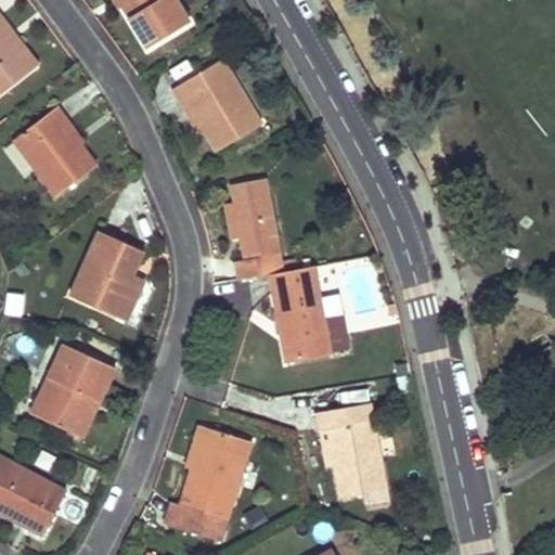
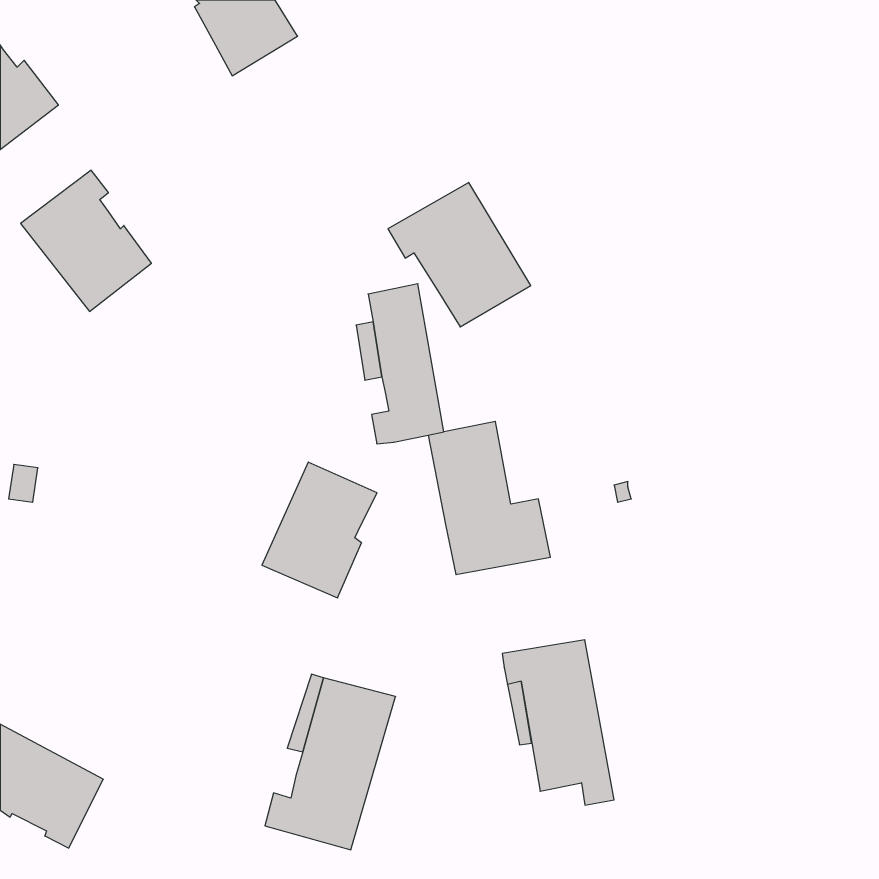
building: [170,61,260,152] -> [388,182,531,327]
building: [70,232,143,318] -> [262,462,377,598]
building: [31,345,114,433] -> none

